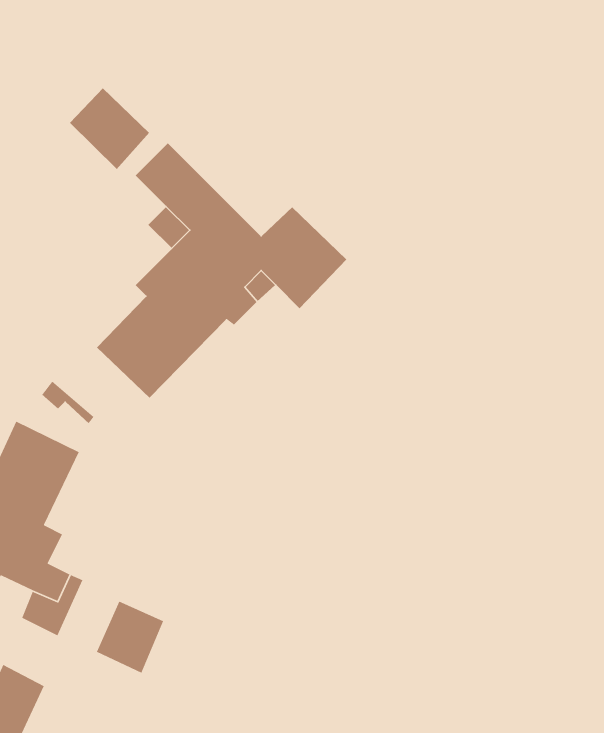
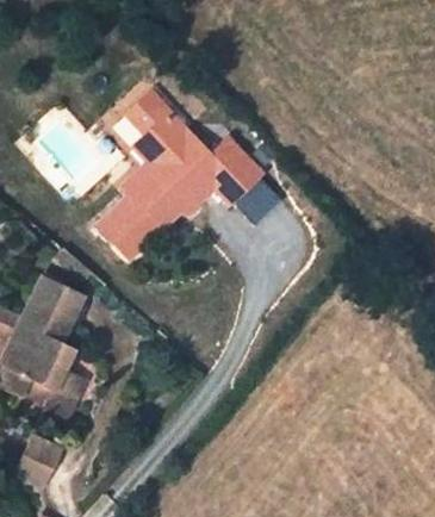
building: [69,87,150,170] -> none
building: [96,601,164,674] -> none

